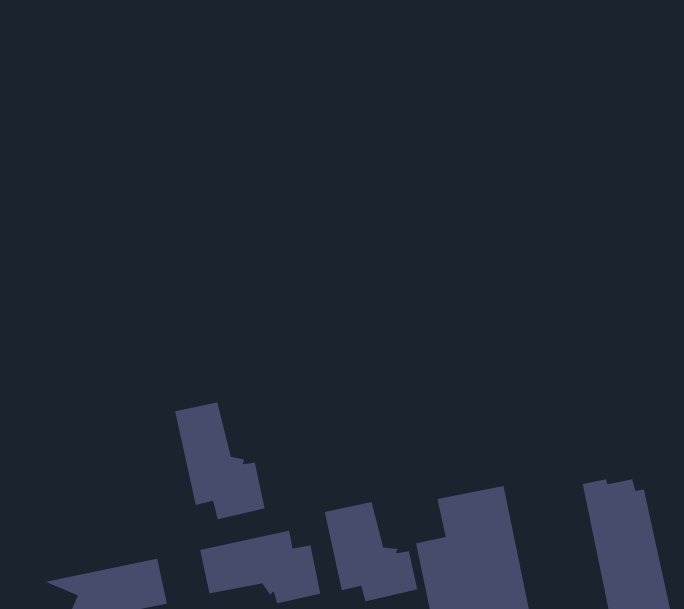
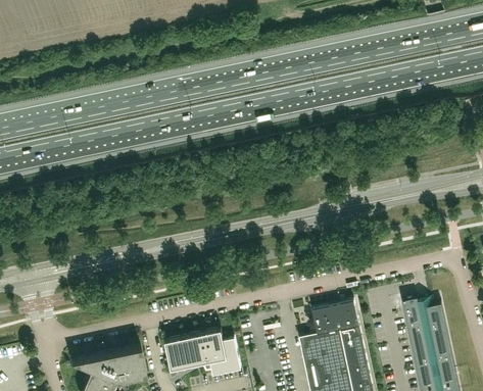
building: [174,401,265,520] -> none
building: [324,501,418,602] -> none

